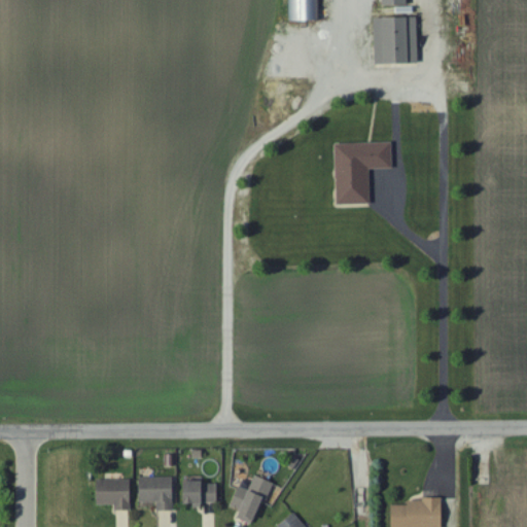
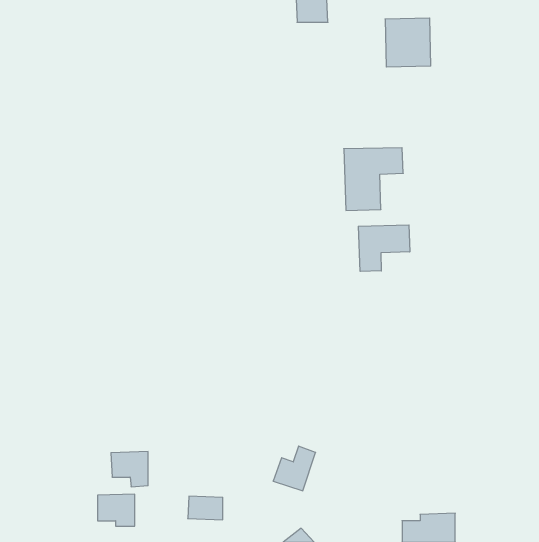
building: none -> [358,225,410,271]
building: [229,475,270,518] -> [273,446,316,491]
building: [137,477,173,511] -> [111,452,148,487]

